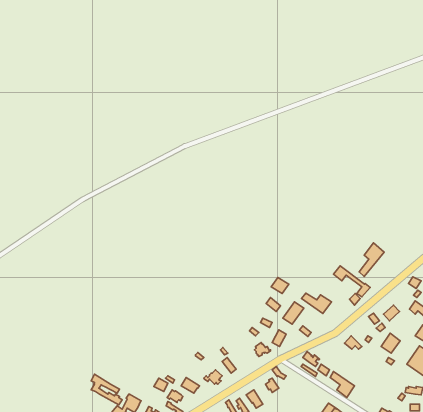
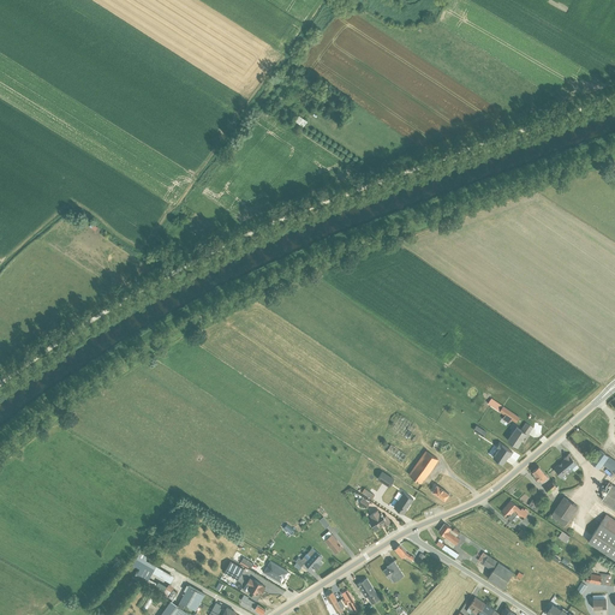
building: [359,243,384,277] -> none
building: [301,293,331,313] -> none

